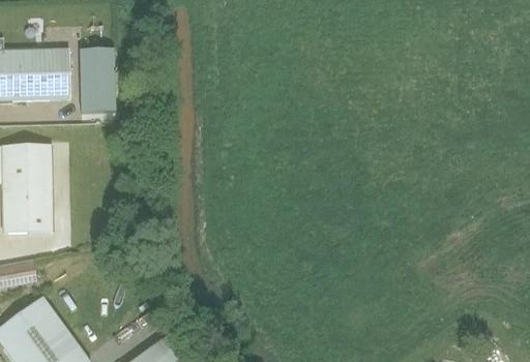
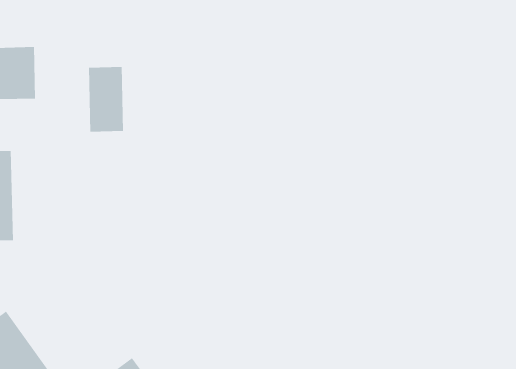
building: [81,52,114,114] -> [88,66,124,133]

